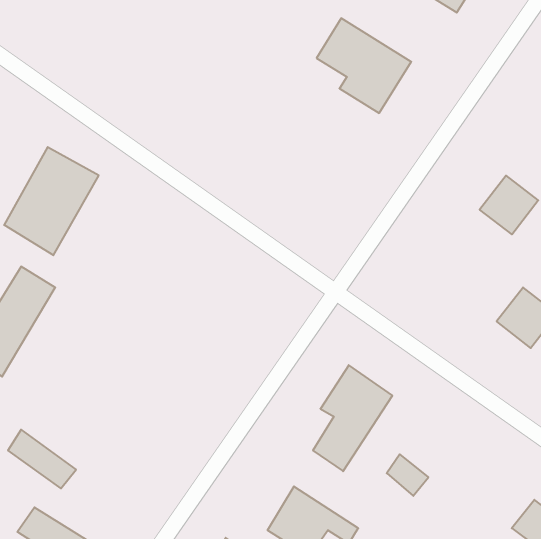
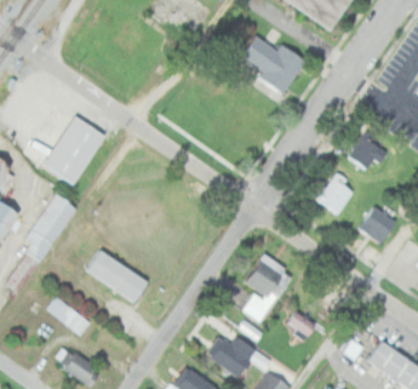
building: none -> [315,173,355,213]
building: none -> [86,248,149,302]

